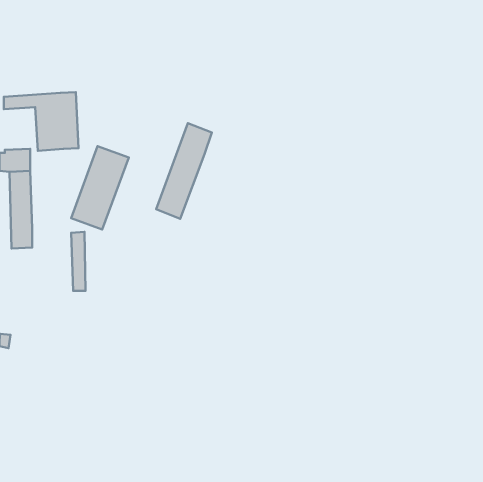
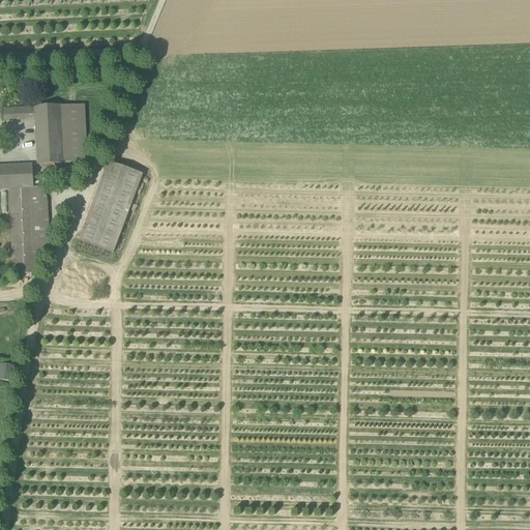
building: [156,123,212,219] -> none
building: [71,232,85,291] -> [33,185,49,249]

